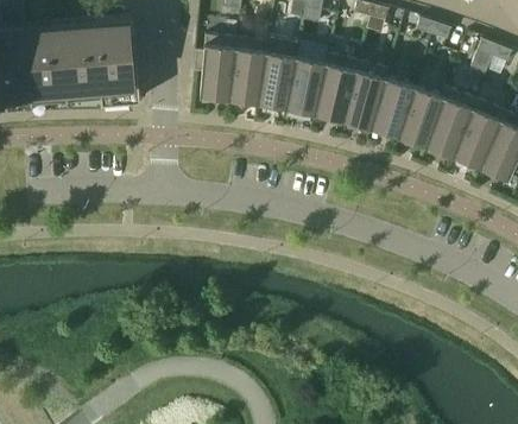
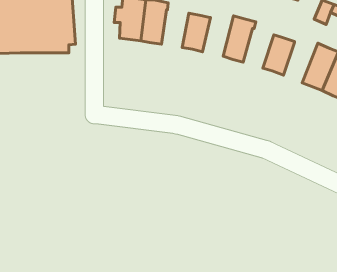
building: [257,55,295,107] -> none
building: [314,56,356,119] -> none
building: [369,81,412,135] -> none
building: [425,90,473,156] -> none

